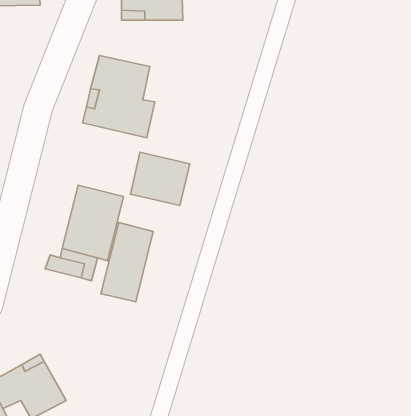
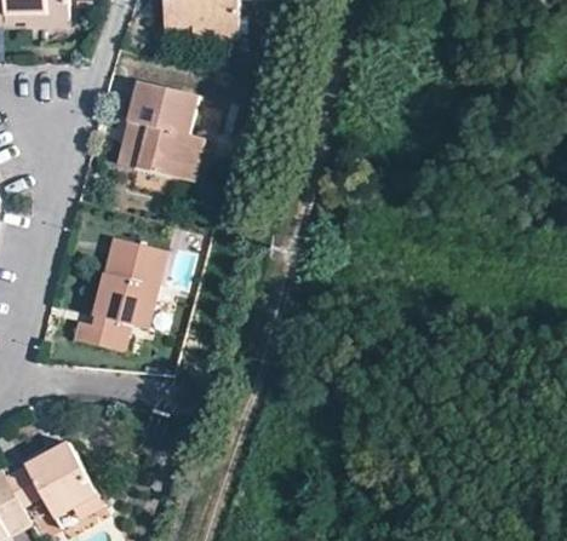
building: [130,152,190,205] -> none
building: [101,222,153,302] -> none

